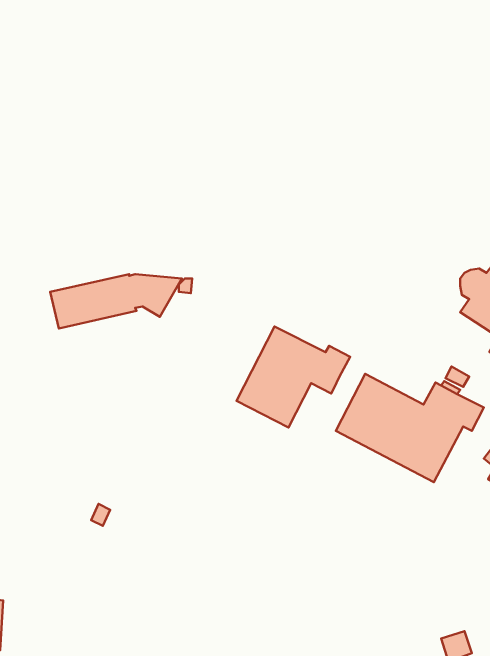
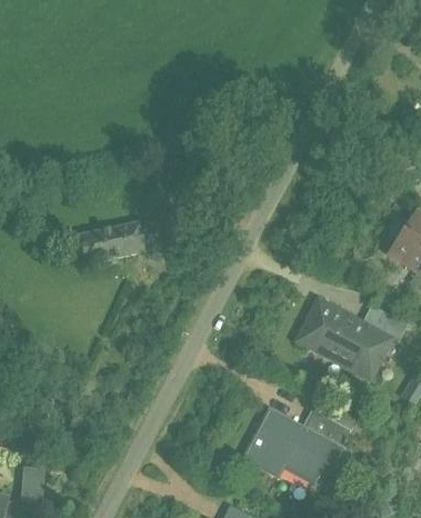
building: [237,326,350,428] -> none
building: none -> [242,402,358,484]

